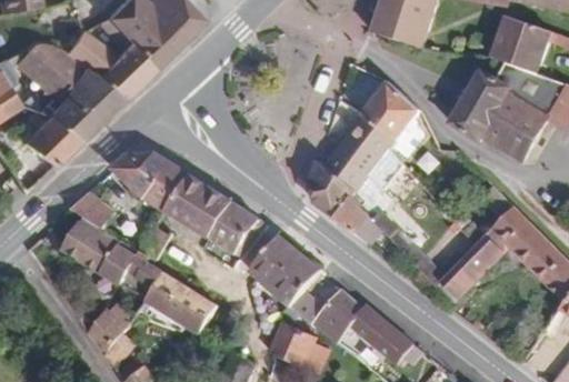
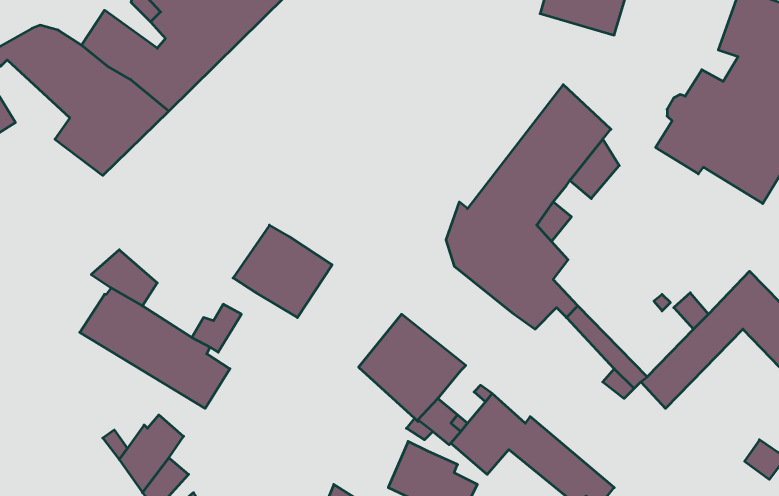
building: [21,117,77,165] -> none
building: [112,152,189,210] -> none
building: [208,201,266,257] -> none
building: [134,271,217,332] -> none

